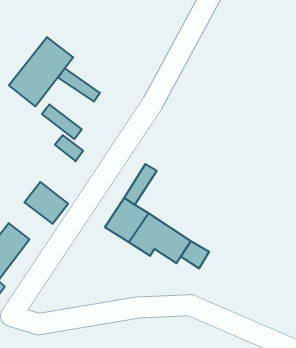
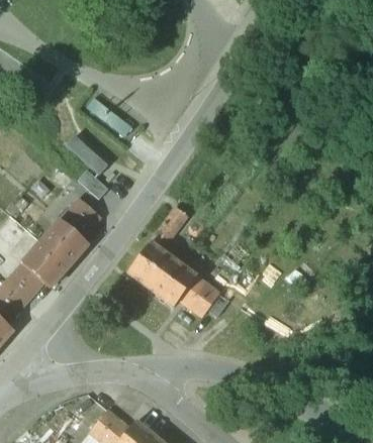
building: [9,37,73,106] -> none
building: none -> [60,196,101,238]
building: none -> [22,240,70,287]

